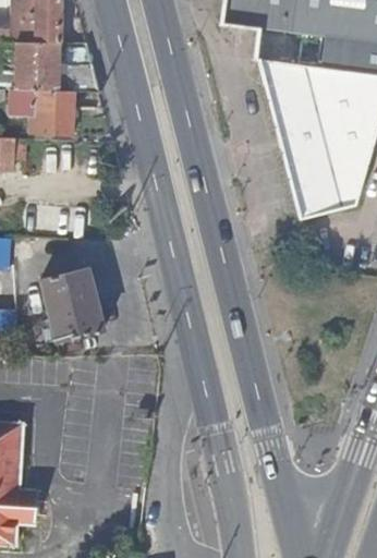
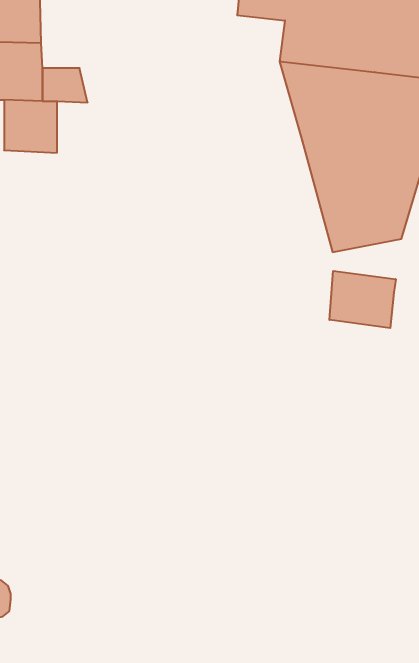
building: none -> [329,271,396,328]
building: [38,269,99,339] -> none

